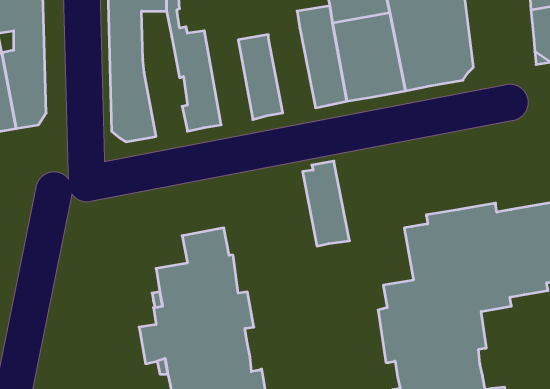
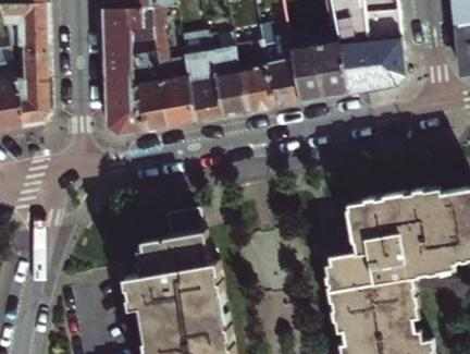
building: none -> [180,36,221,124]
building: none -> [129,51,166,134]
building: [303,161,350,246] -> [234,44,273,114]

